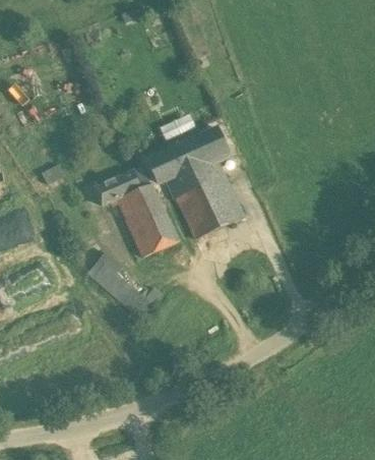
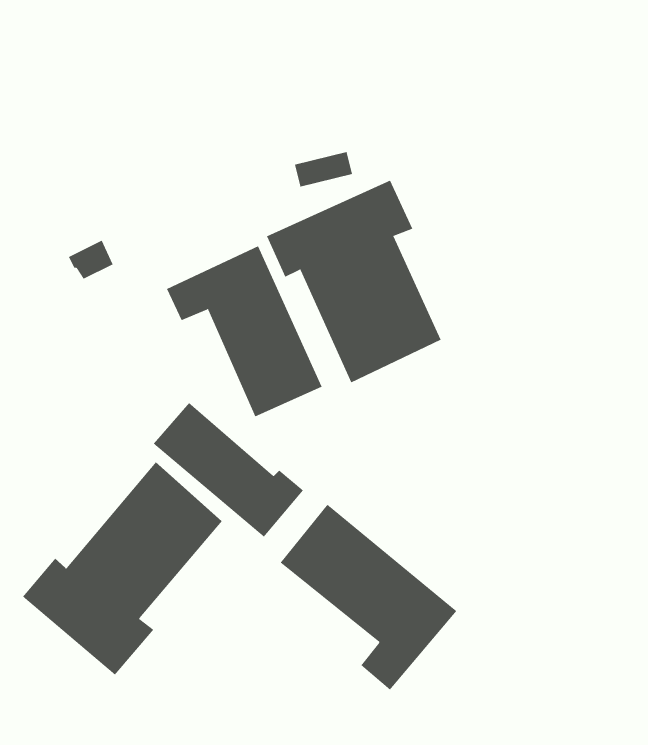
building: none -> [22,462,222,675]
building: none -> [280,504,457,690]

